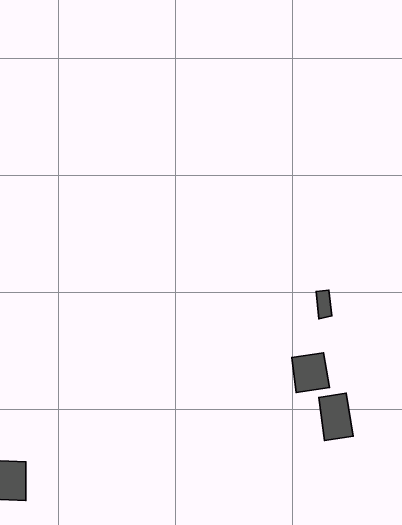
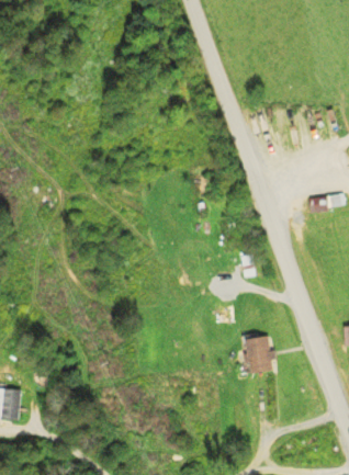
building: [292,353,330,393] -> none

